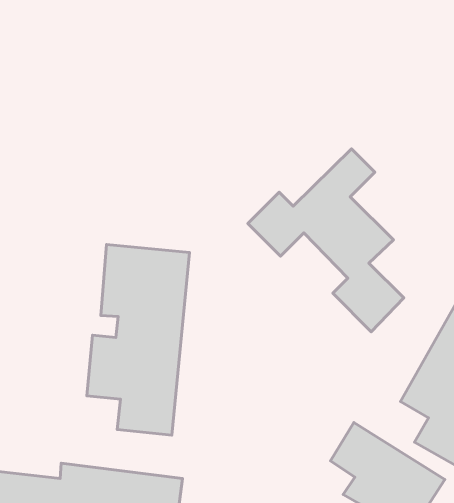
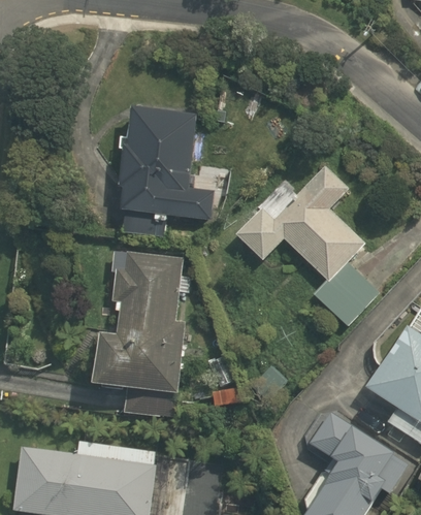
building: none -> [120,104,214,235]

